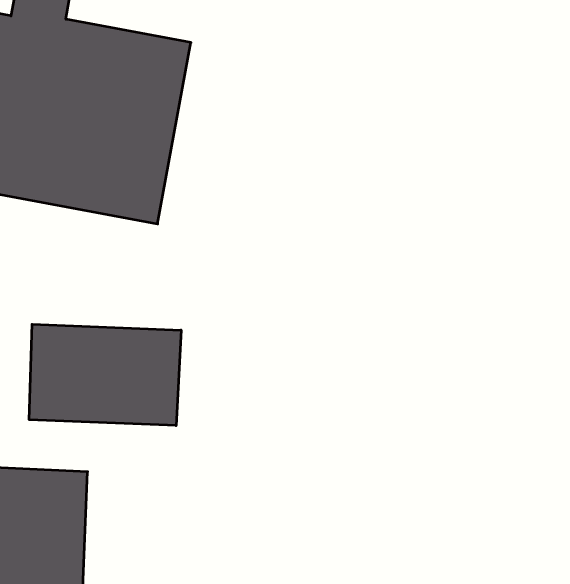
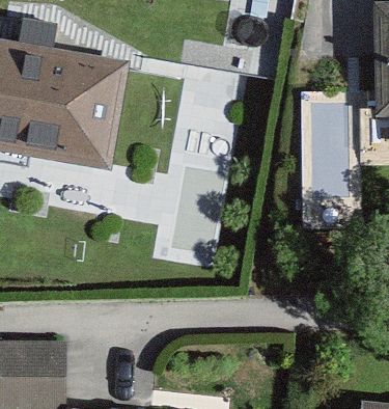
building: [29,324,181,426] -> none

